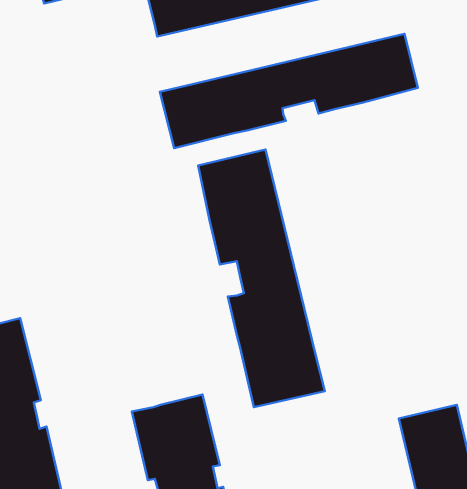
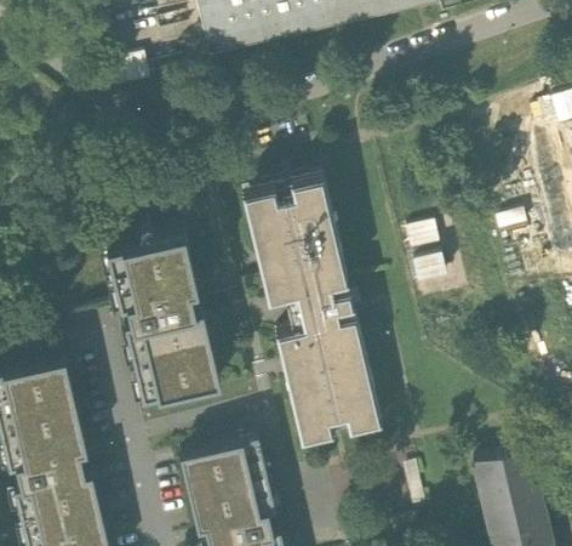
building: [160,34,418,148] -> none
building: none -> [107,229,218,400]

